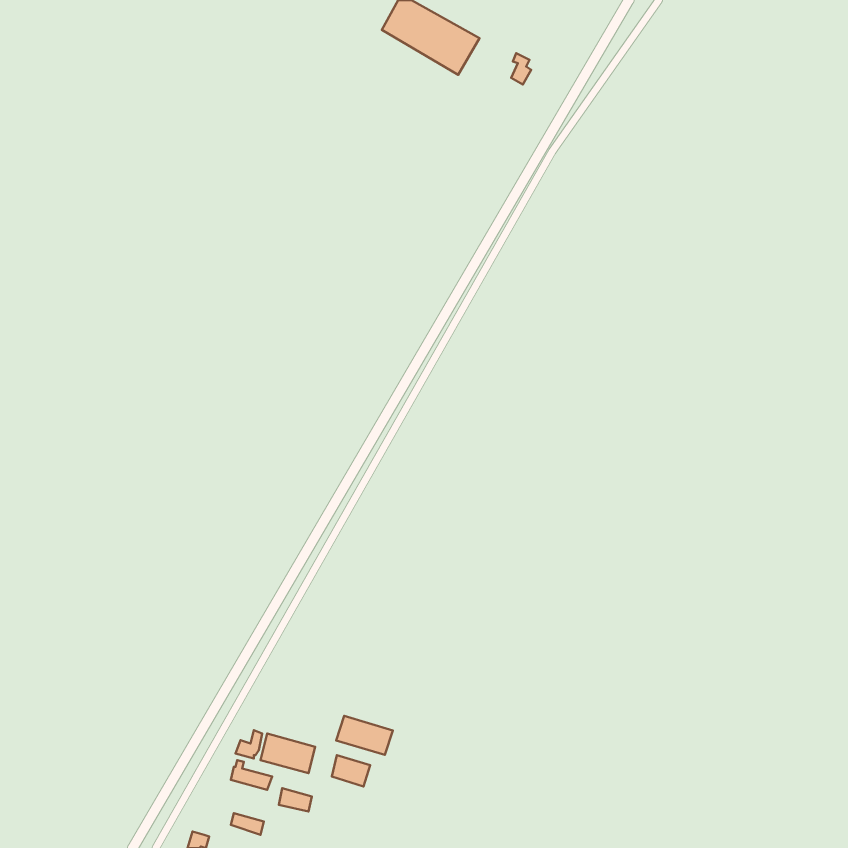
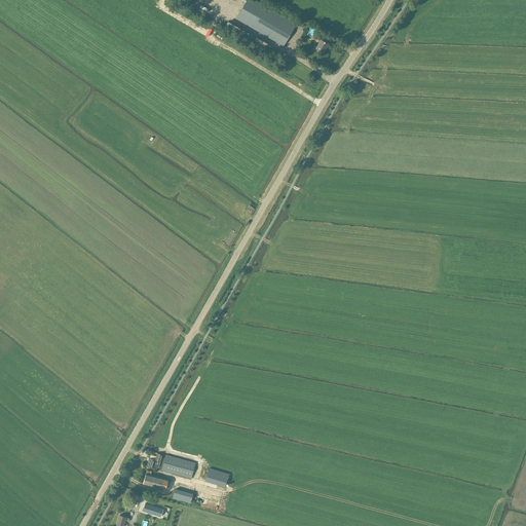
building: [336,716,393,755] -> none

